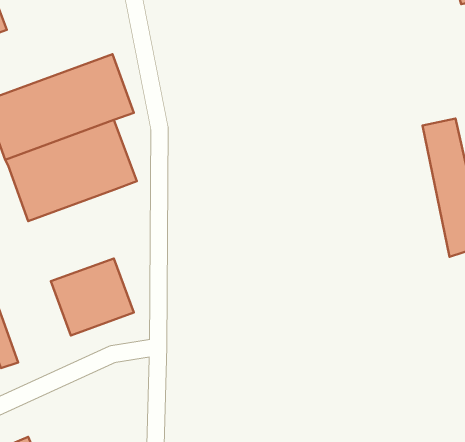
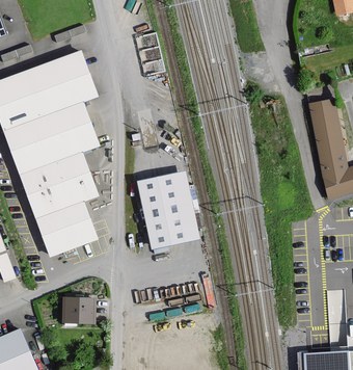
building: none -> [21,150,99,216]
building: none -> [137,171,196,248]
building: none -> [62,298,93,322]

